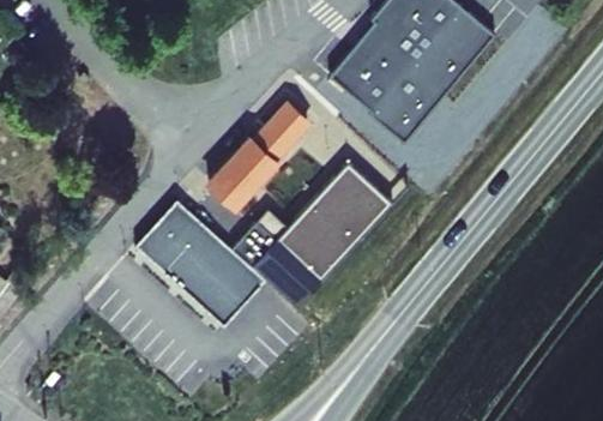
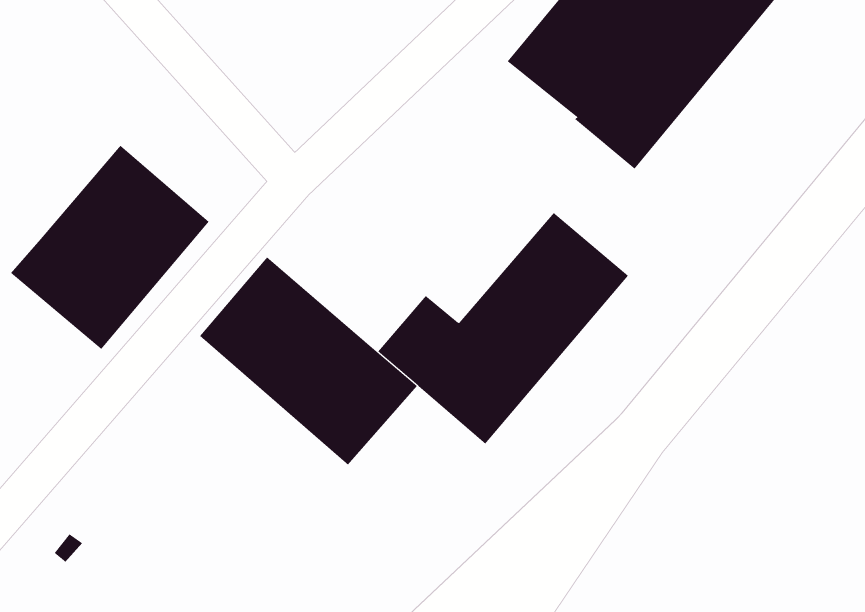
building: [201,97,319,212] -> none
building: none -> [10,145,210,350]

